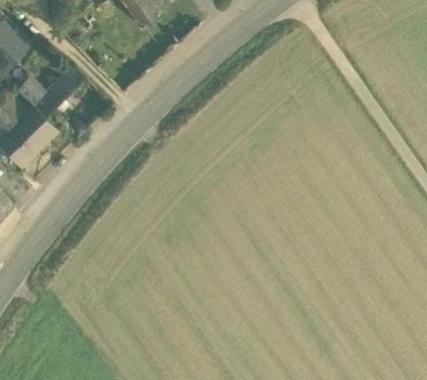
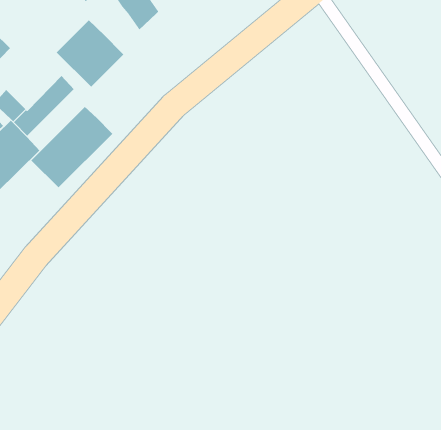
building: none -> [56,19,124,88]
building: none -> [30,106,113,188]

